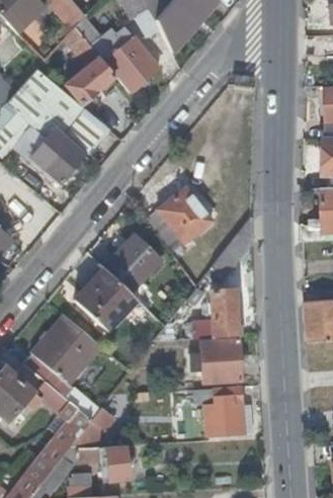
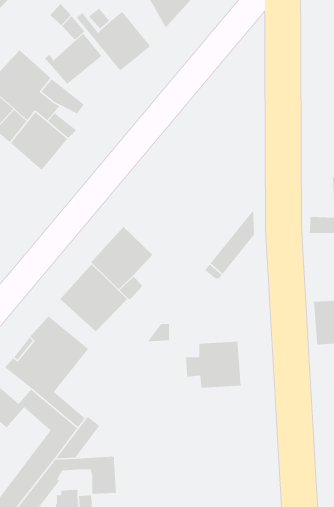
building: [145,186,211,253] -> none
building: [195,289,238,336] -> none
building: [190,386,253,435] -> none

